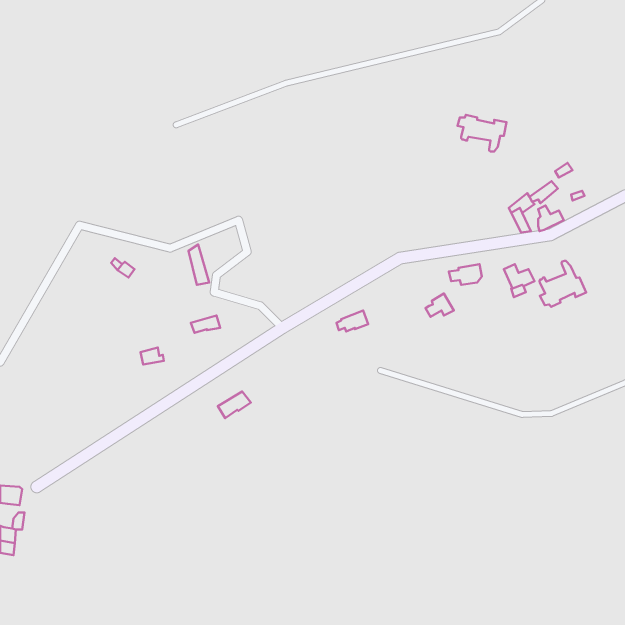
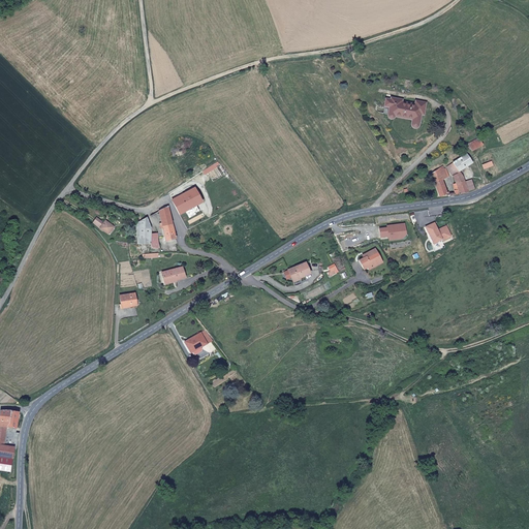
building: none -> [172,187,204,215]
building: none -> [136,219,159,247]
building: [540,261,586,307] -> none

